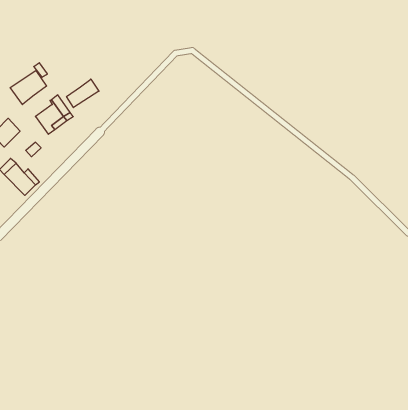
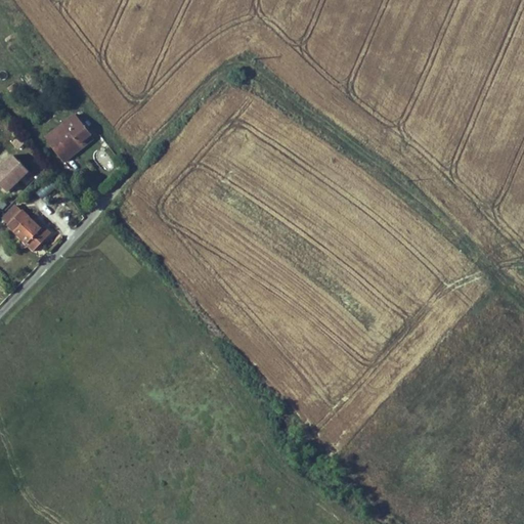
building: [10,71,47,105] -> none
building: [67,79,99,108] -> none

